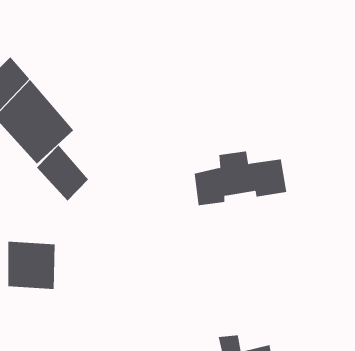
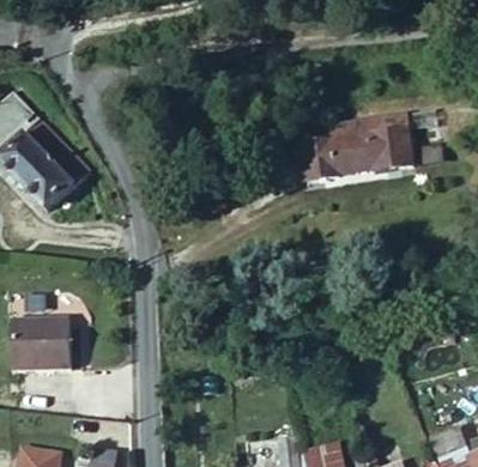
building: [36,145,89,202] -> none
building: [194,151,287,206] -> [302,117,416,184]

